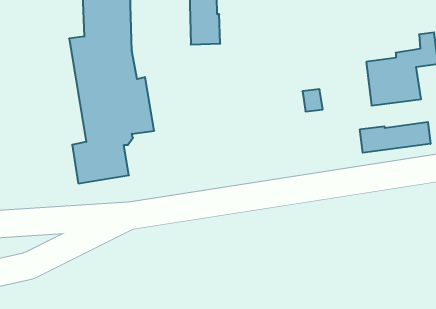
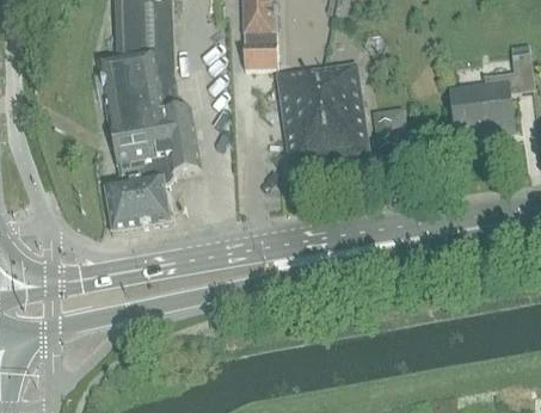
building: none -> [276,60,369,164]
building: [360,122,430,153] -> none

